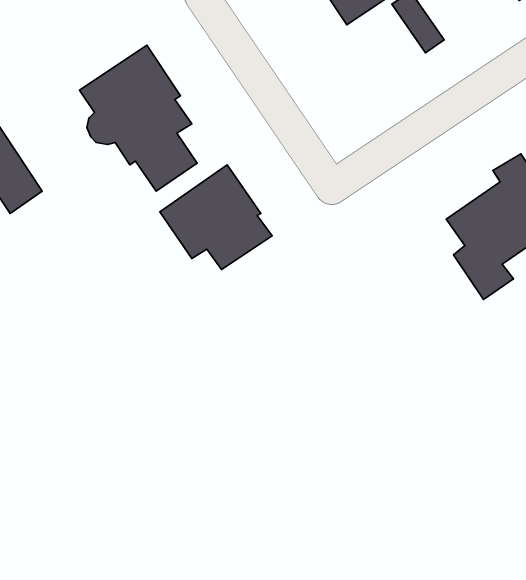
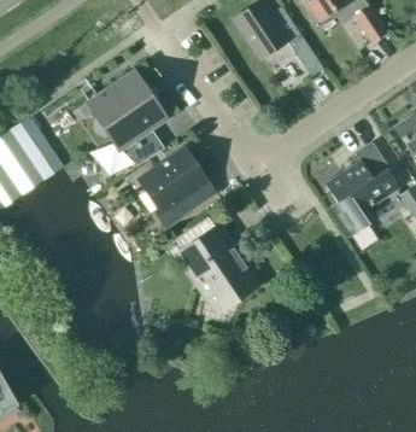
building: none -> [178,226,257,310]

